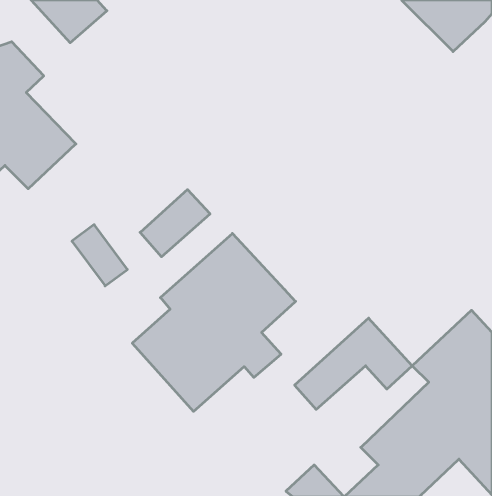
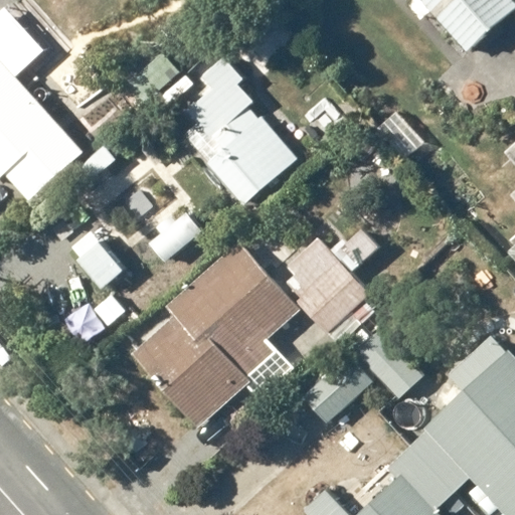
building: none -> [184,55,295,200]
building: none -> [281,235,373,337]

